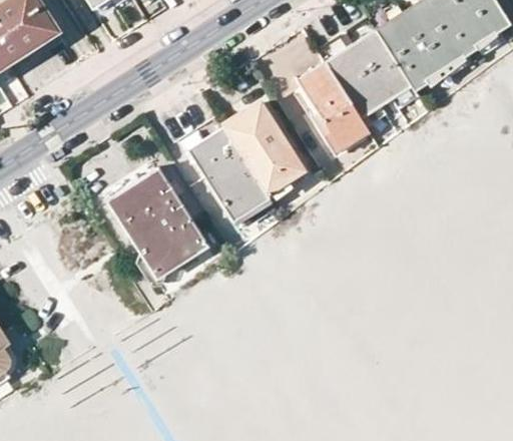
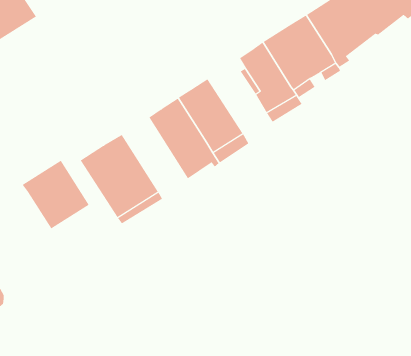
building: none -> [22,160,89,229]

